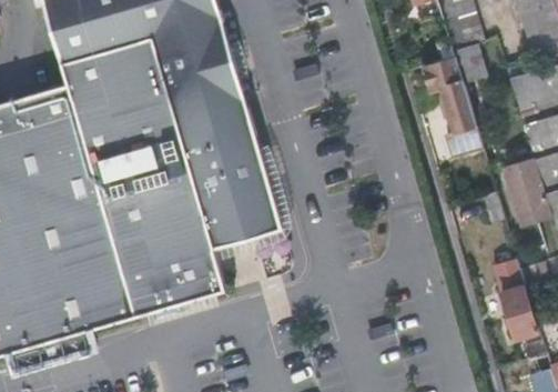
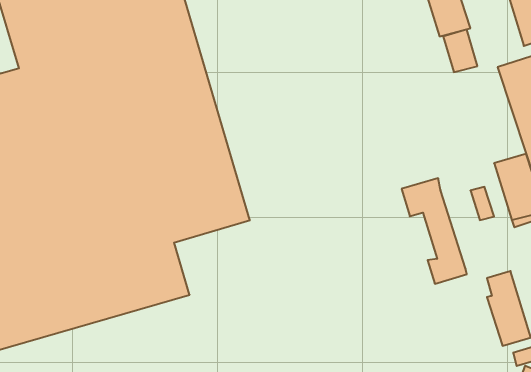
building: [422,54,483,153] -> [402,178,467,284]

